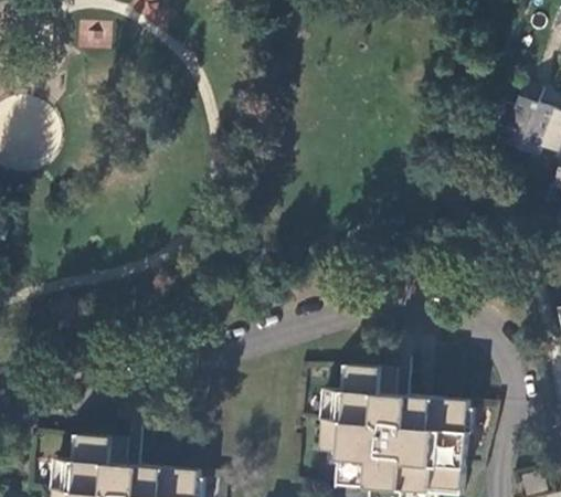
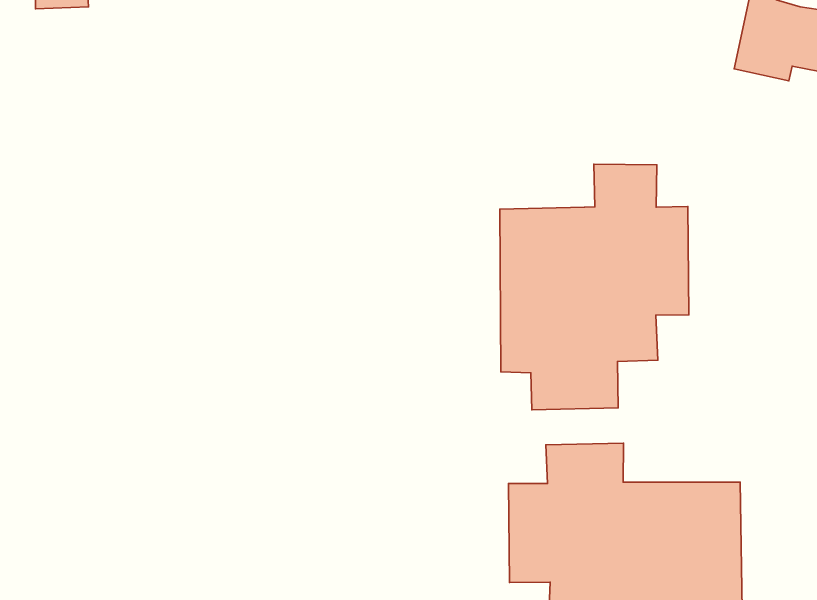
building: none -> [500,164,689,410]

